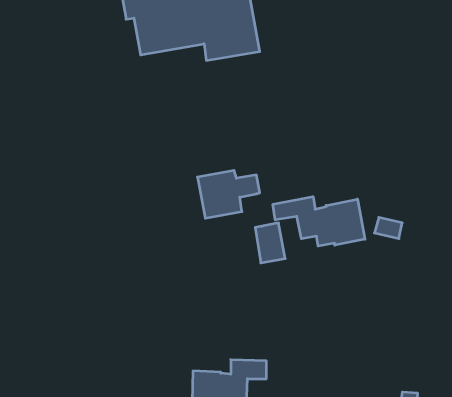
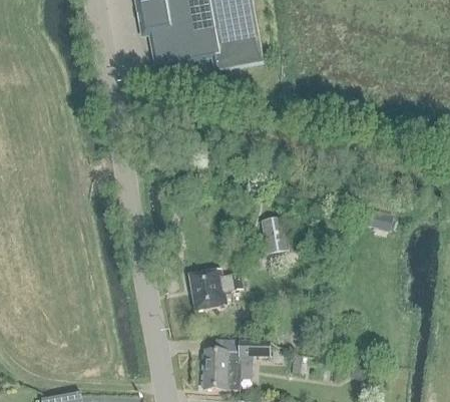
building: [197,170,260,218] -> [185,268,242,311]
building: [273,197,365,246] -> none

